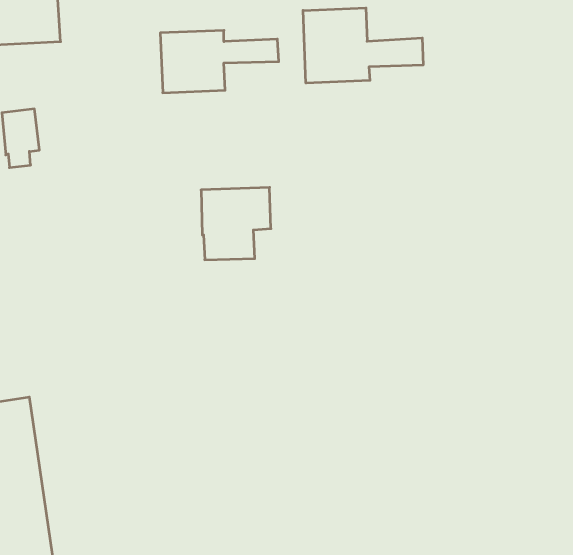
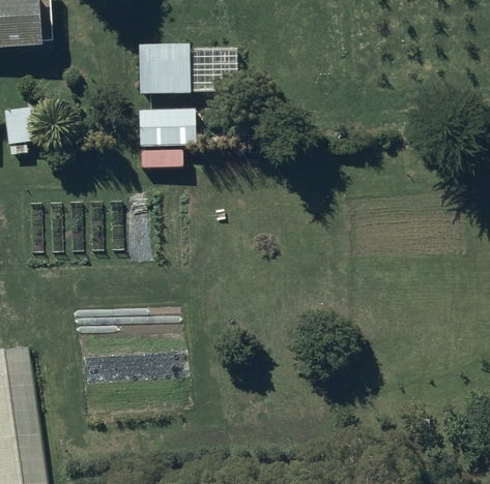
building: [303,8,423,83] -> none
building: [201,187,271,260] -> [137,105,195,165]

